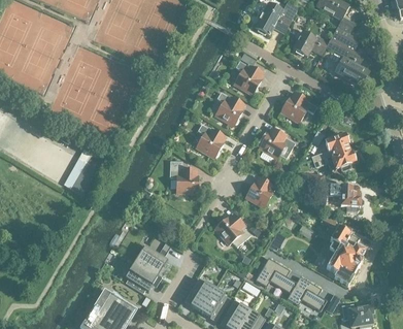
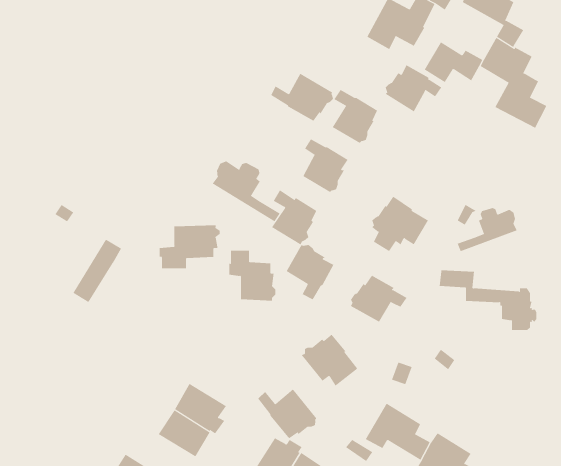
building: none -> [271,73,334,122]
building: [280,92,316,122] -> [385,64,442,112]
building: none -> [212,160,280,222]
building: none -> [159,224,220,269]
building: [314,149,356,172] -> none
building: none -> [286,244,334,300]
building: [328,225,367,287] -> none
building: none -> [257,388,317,439]

